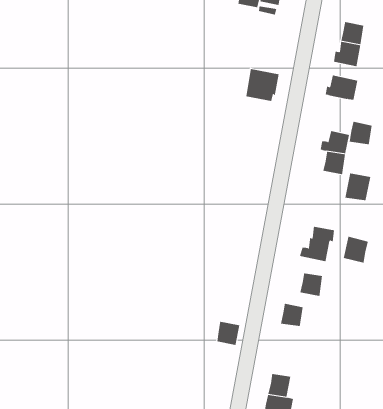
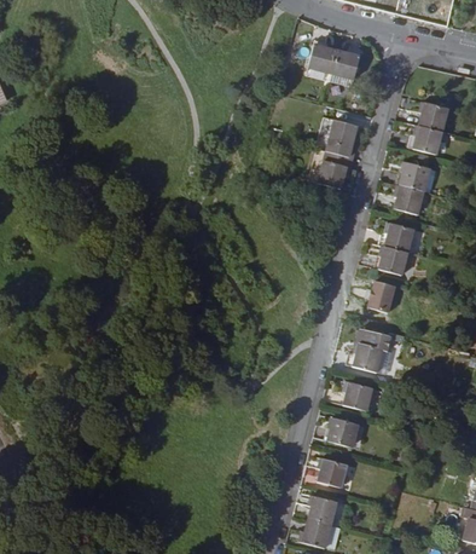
building: none -> [314,116,354,157]
building: [349,121,373,145] -> [394,185,422,213]
building: [345,173,371,201] -> [366,279,397,312]
building: [343,236,368,264] -> none
building: [217,321,240,346] -> [319,456,347,485]

